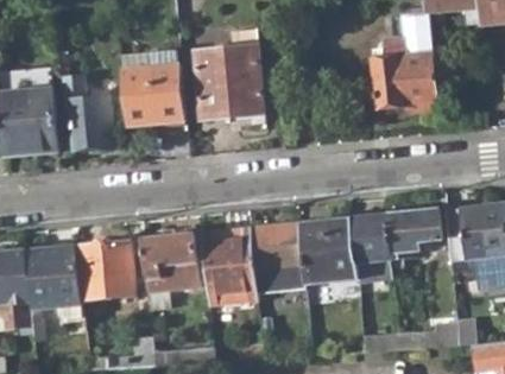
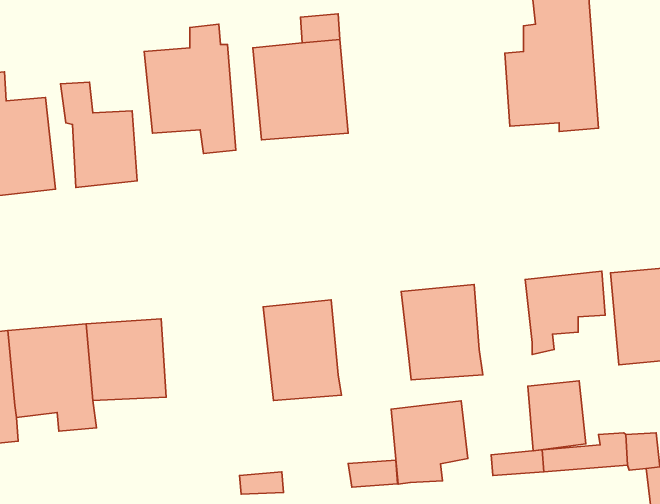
building: [351,214,391,262] -> [528,381,586,451]
building: [251,222,304,280] -> [391,401,468,484]
building: [144,235,200,291] -> none

